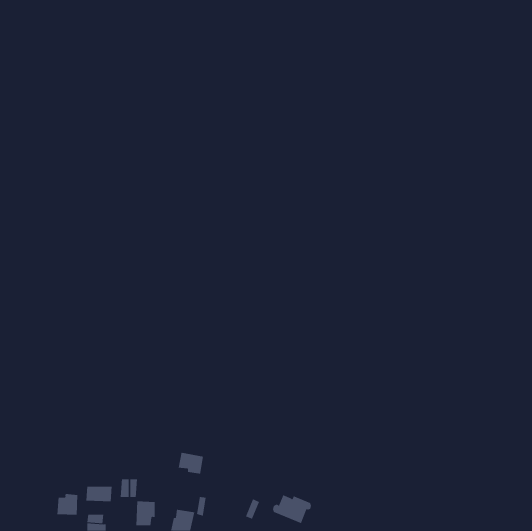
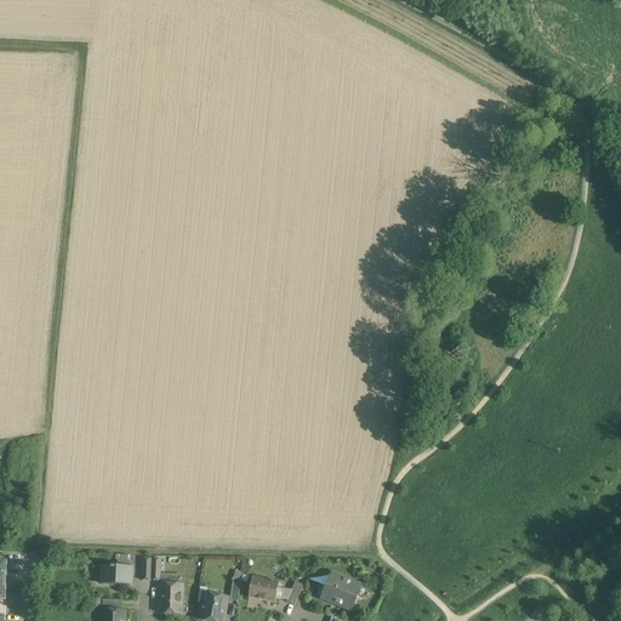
building: [178,452,204,474] -> [247,575,278,600]
building: [57,493,78,516] -> none

